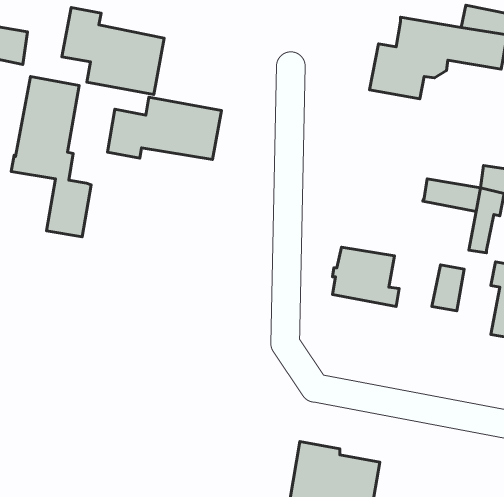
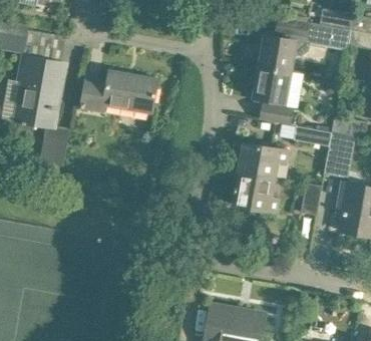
building: [62,8,164,94] -> none
building: none -> [253,65,293,123]
building: none -> [240,141,288,178]

